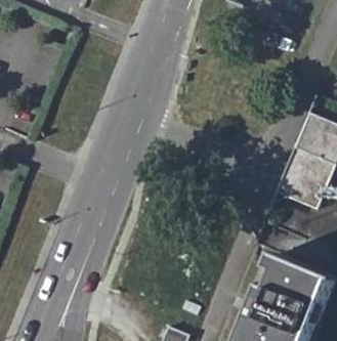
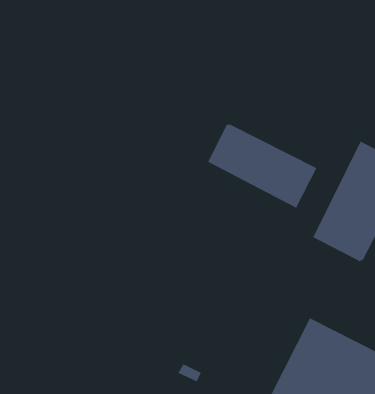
building: none -> [207,124,317,209]

